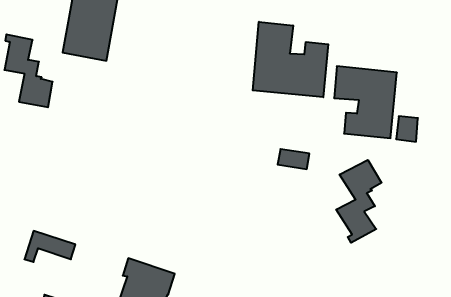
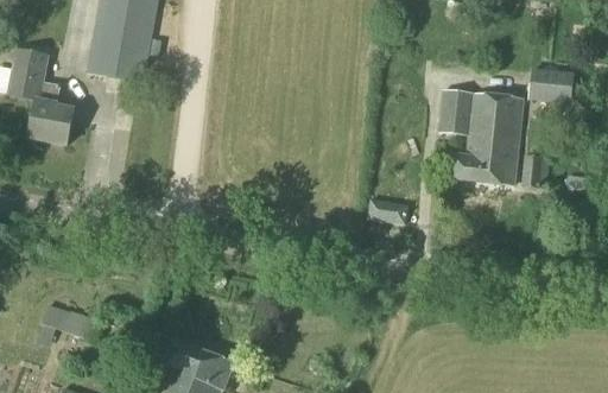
building: [253,22,328,97] -> none
building: none -> [528,68,575,115]
building: [336,160,382,243] -> none

